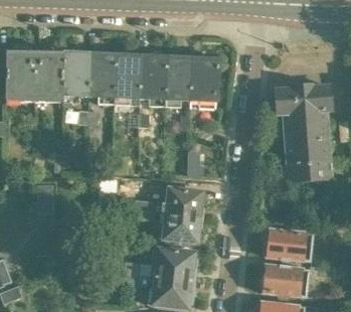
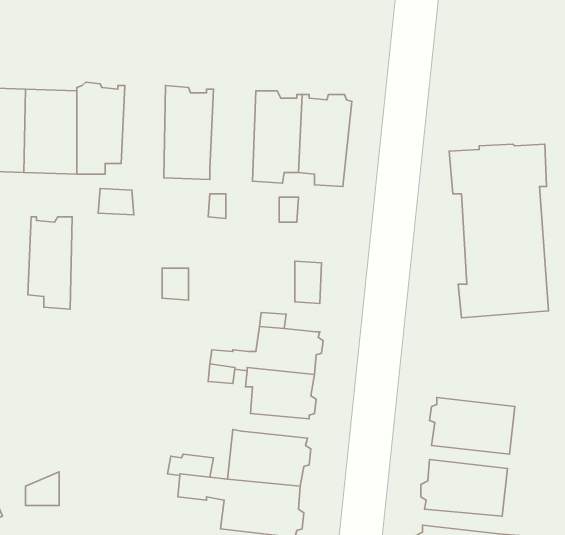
building: [90,51,115,104] -> [28,217,72,309]
building: [140,53,166,106] -> none

